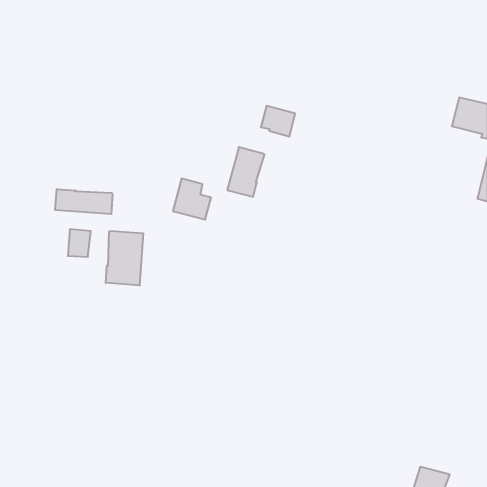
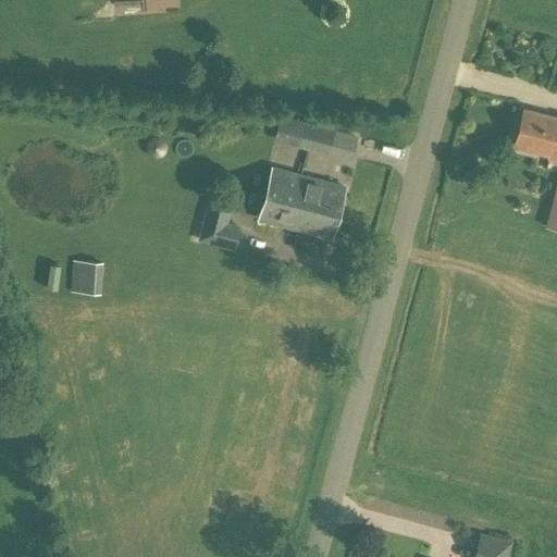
building: none -> [289,176,344,236]
building: [55,189,113,214] -> none
building: [106,231,143,286] -> none

